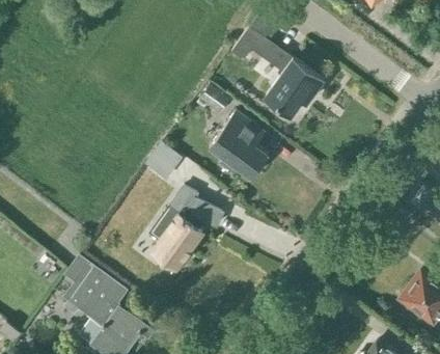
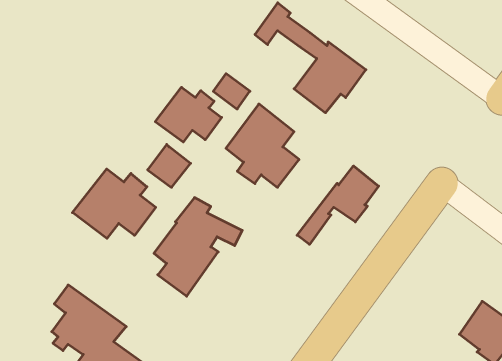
building: none -> [155,87,222,142]
building: none -> [297,166,379,244]
building: none -> [72,169,156,238]

